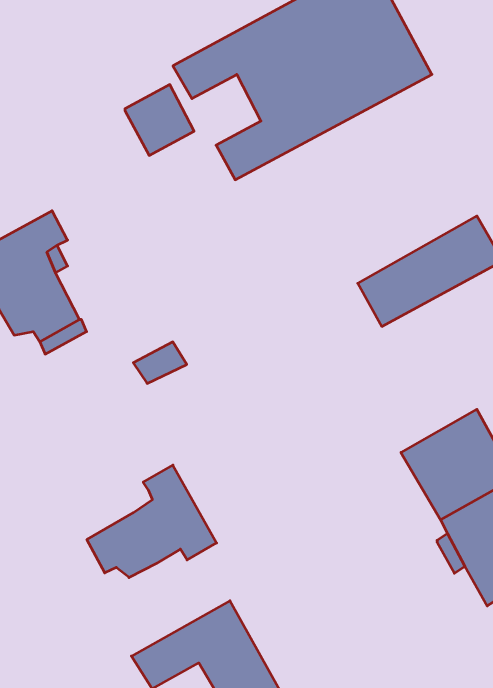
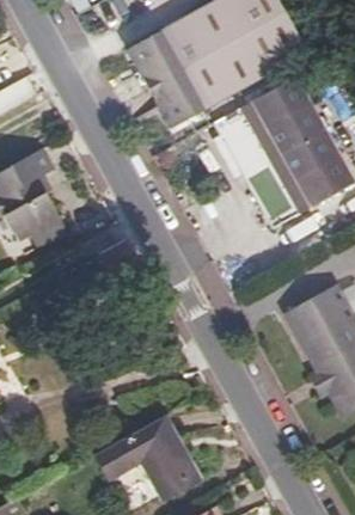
building: [125,85,194,155] -> [140,54,188,103]
building: none -> [213,76,337,198]
building: [87,465,217,578] -> none

